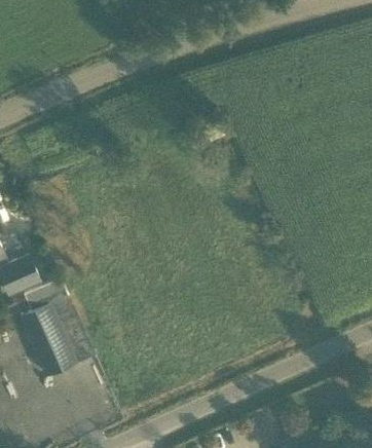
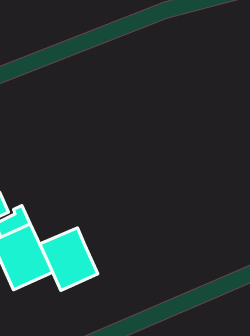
building: none -> [40,228,98,290]

